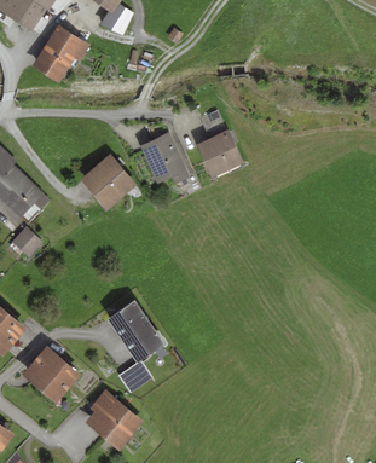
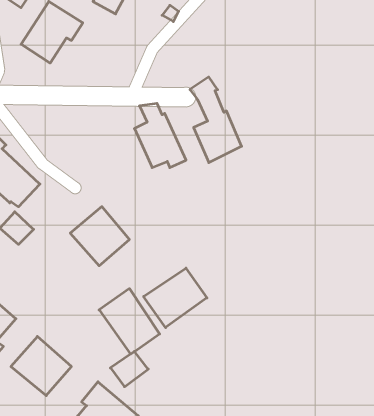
building: [80,154,137,210] -> [70,207,129,266]
building: none -> [144,268,207,328]

